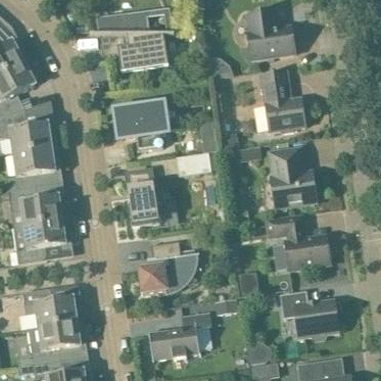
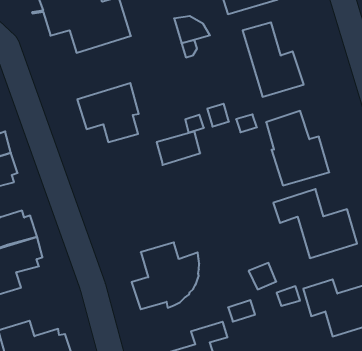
building: [126,171,162,227] -> none

